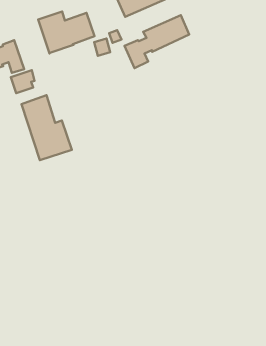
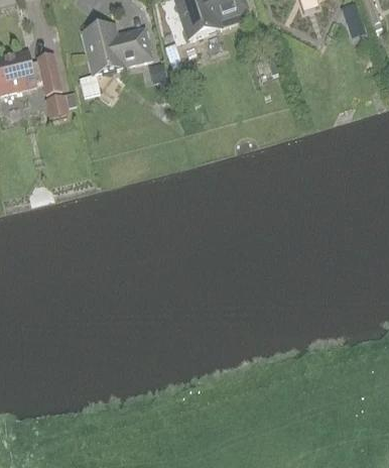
building: [125,15,189,68] -> none
building: [21,95,72,160] -> none

